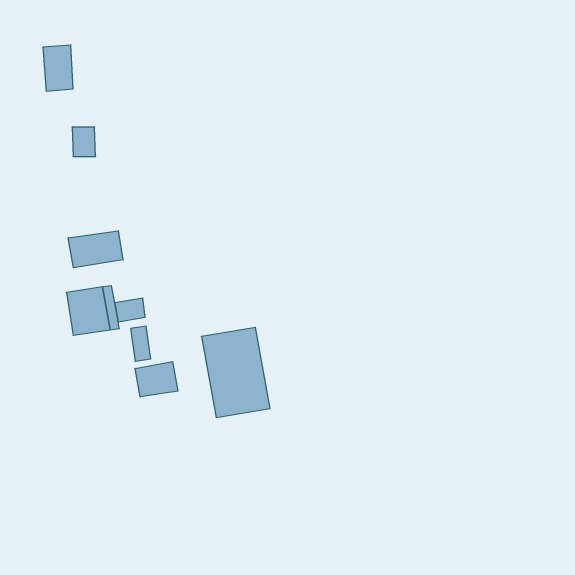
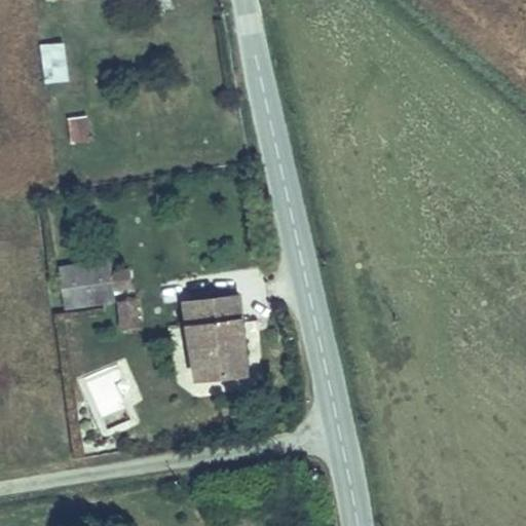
building: [68,231,123,268] -> none
building: [135,362,178,397] -> none

